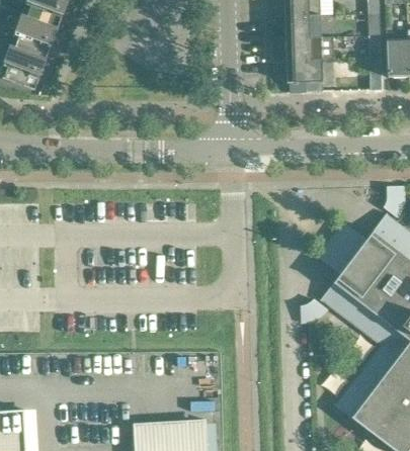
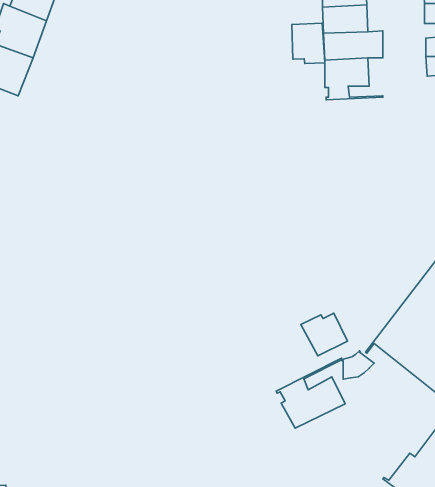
building: none -> [292,23,325,63]
building: none -> [301,313,348,356]
building: none -> [276,358,345,428]

